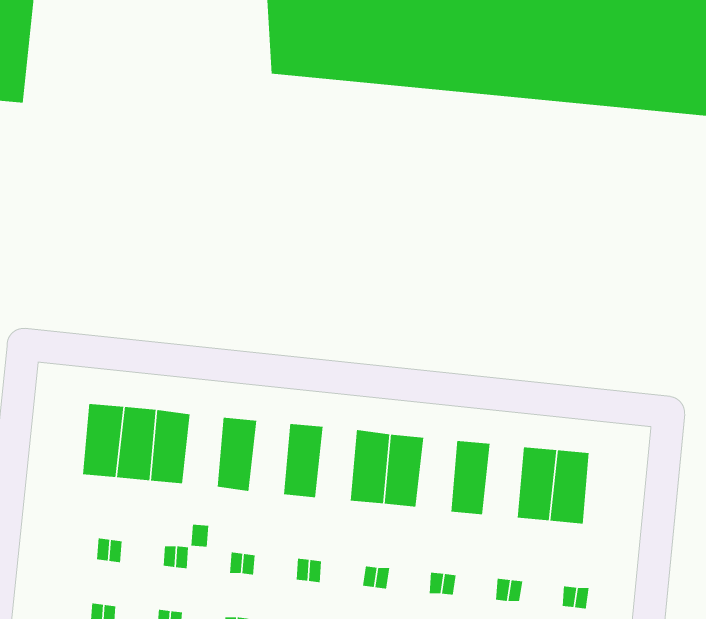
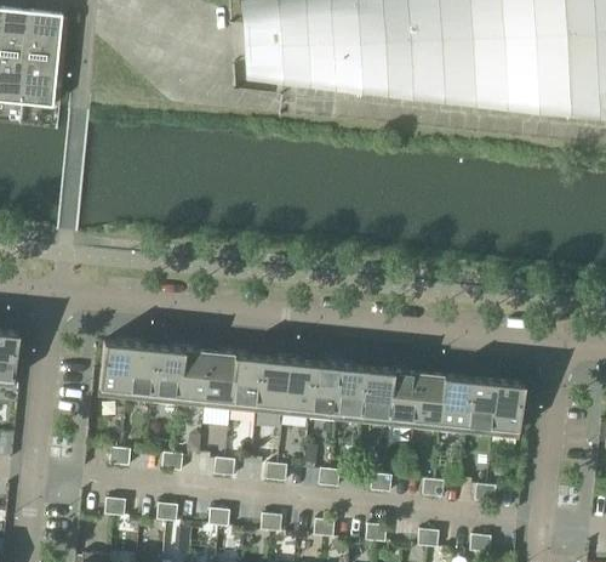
building: none -> [177,350,208,407]
building: none -> [229,354,261,413]
building: none -> [281,359,313,418]
building: none -> [360,368,391,426]
building: none -> [412,373,444,431]
building: none -> [491,380,524,439]

